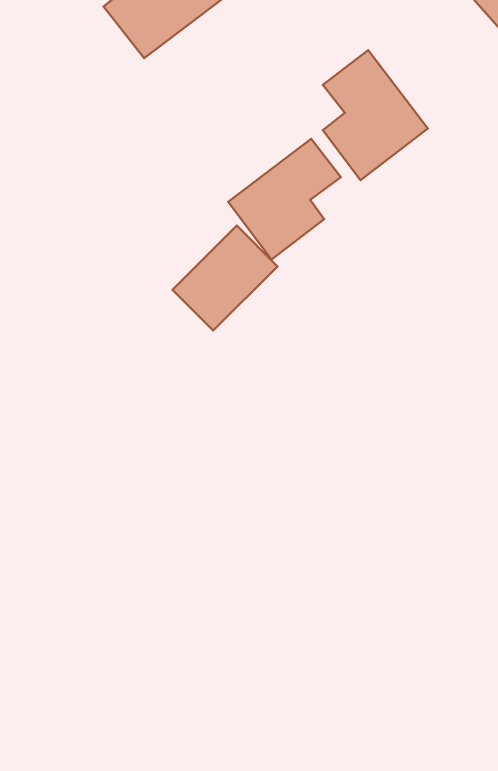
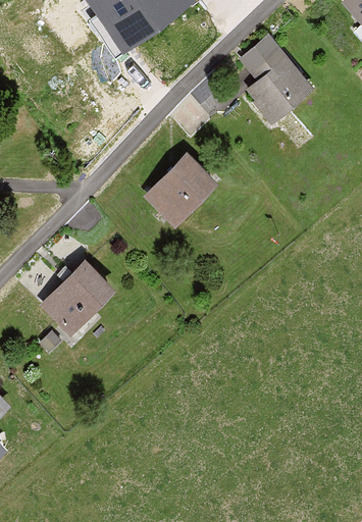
building: [228,139,341,260] -> none
building: none -> [41,263,111,333]

